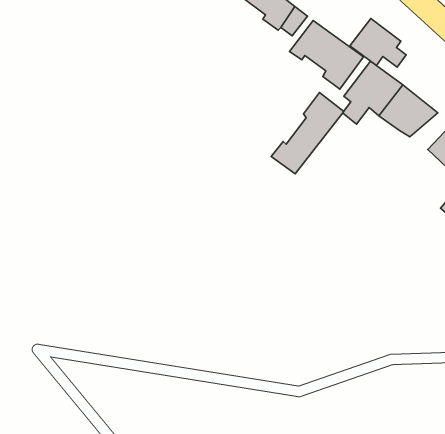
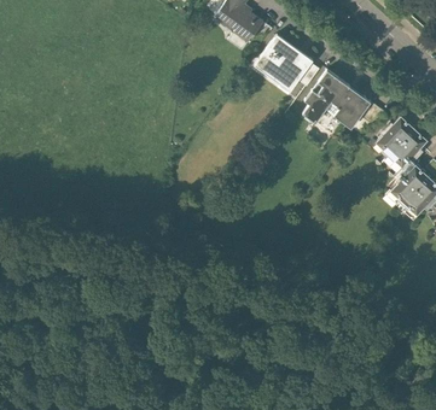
building: [350,18,406,67] -> none
building: [271,93,344,174] -> none

